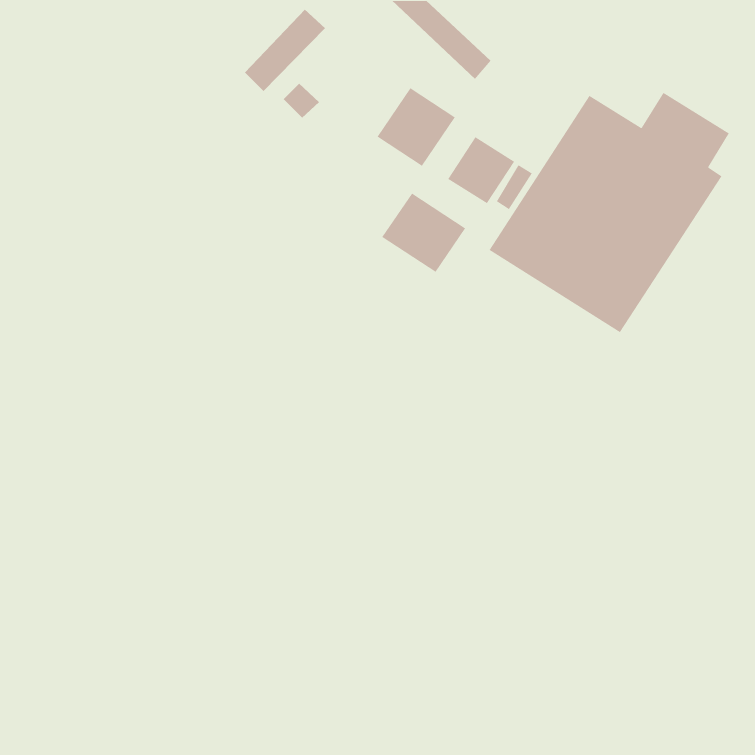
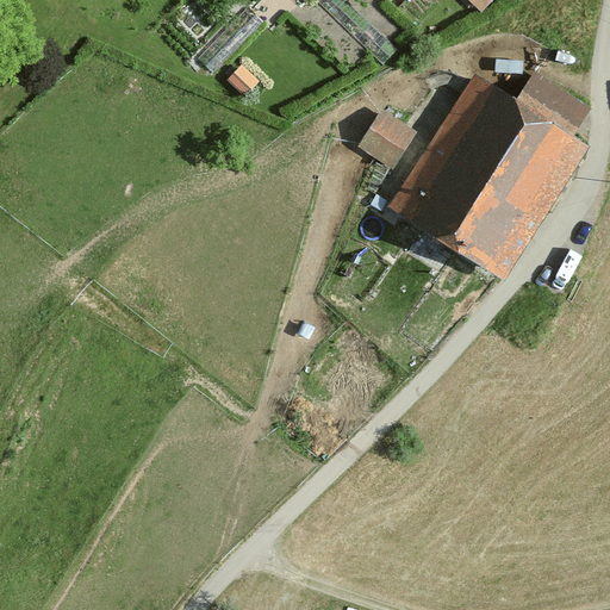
building: [376,87,456,167] -> none
building: [381,193,466,273] -> none

